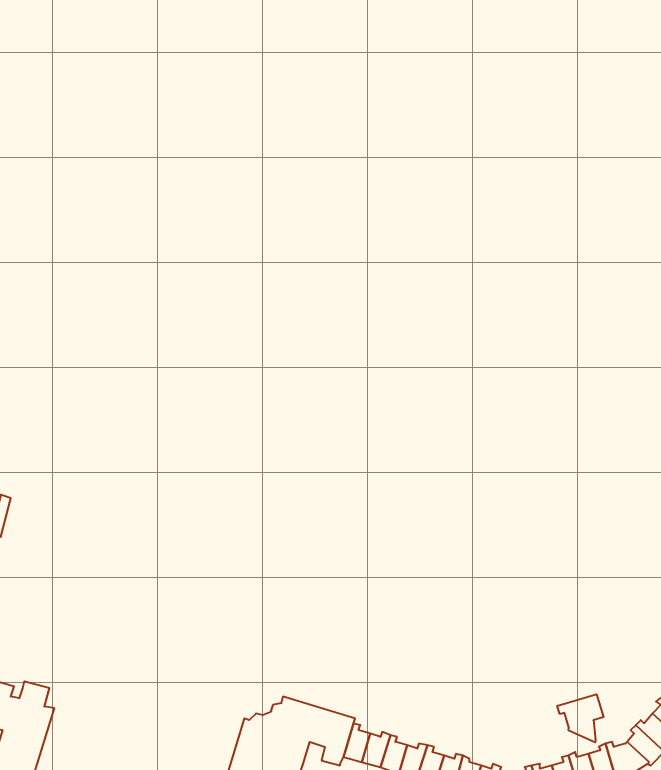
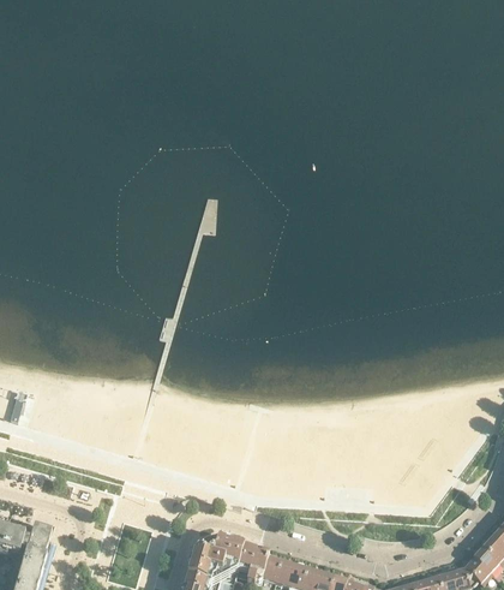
building: [557,694,604,742] -> none

